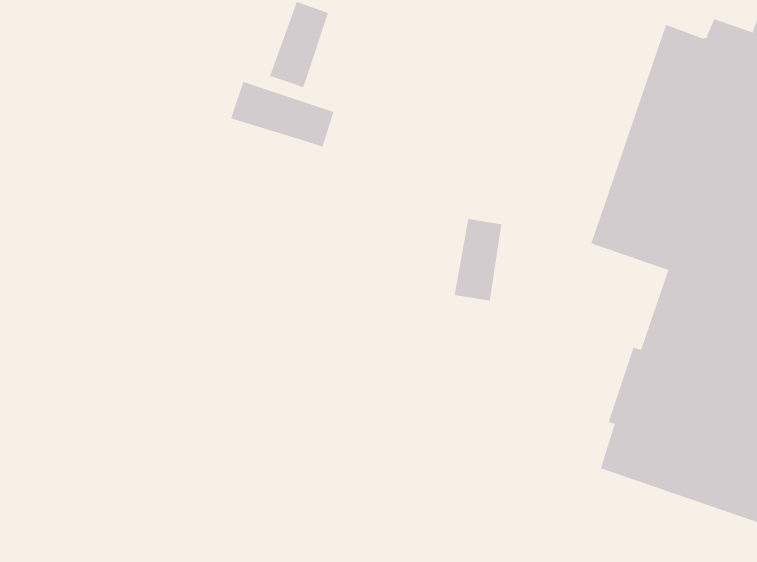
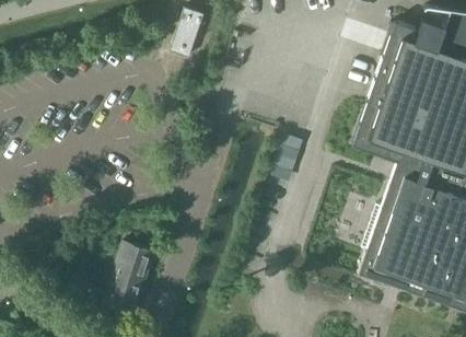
building: [230,81,334,148] -> none
building: none -> [104,240,155,313]

